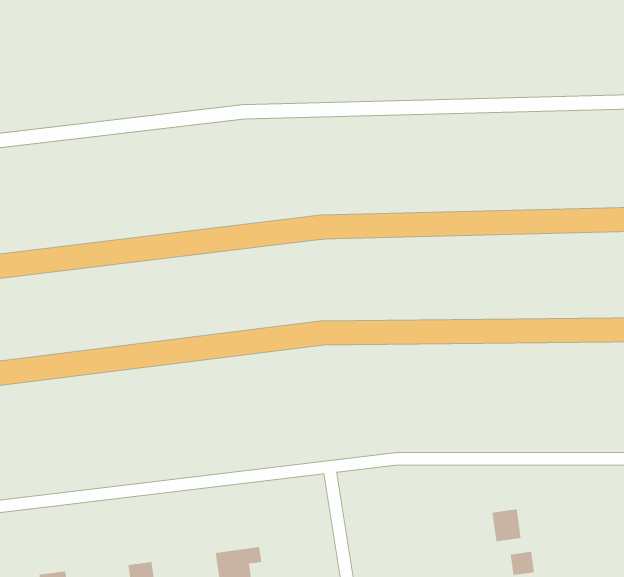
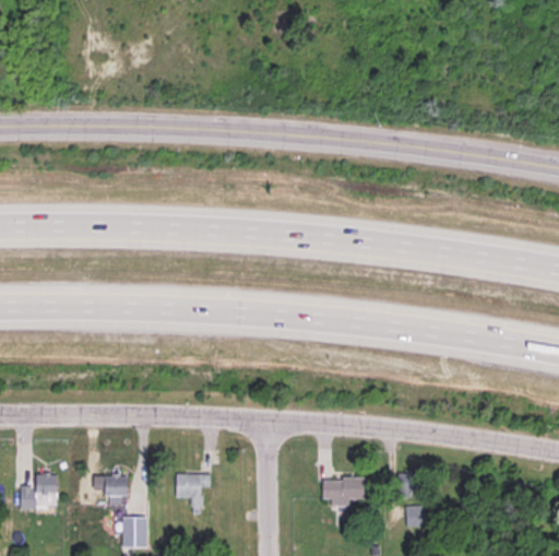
building: none -> [323,478,365,499]

